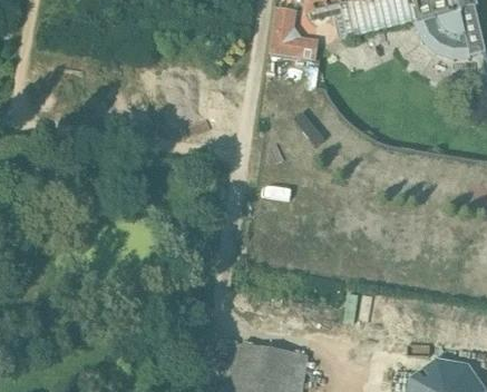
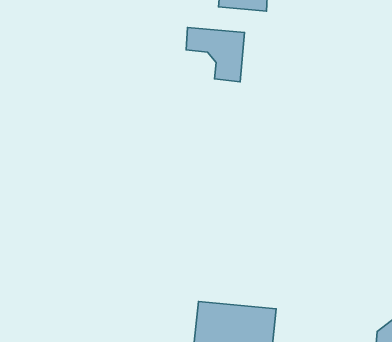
building: none -> [186,28,244,82]

